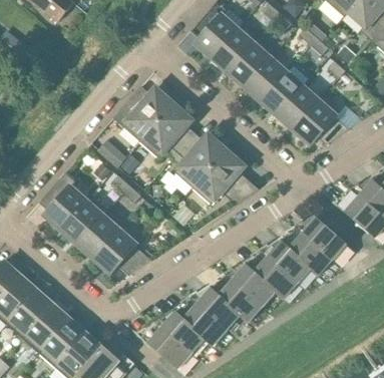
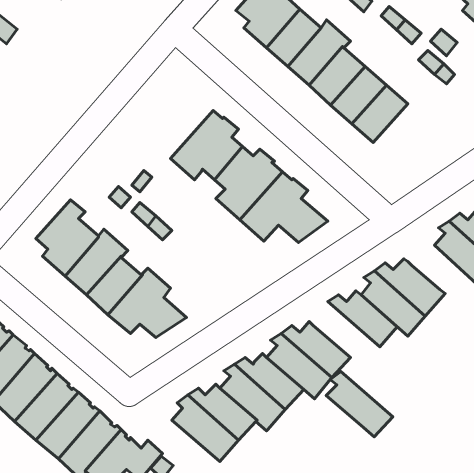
building: [113,85,172,141] -> none
building: [293,95,349,144] -> none
building: [248,249,298,298] -> [326,372,393,437]

